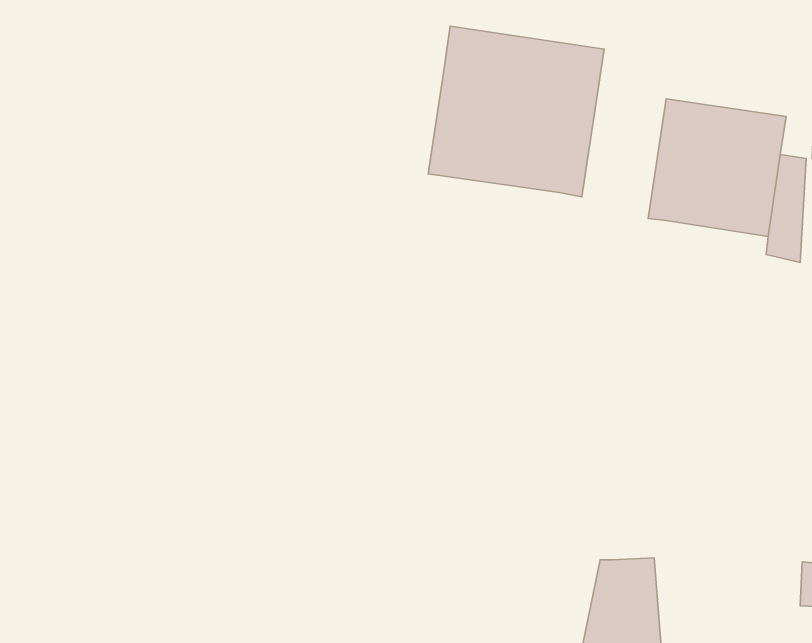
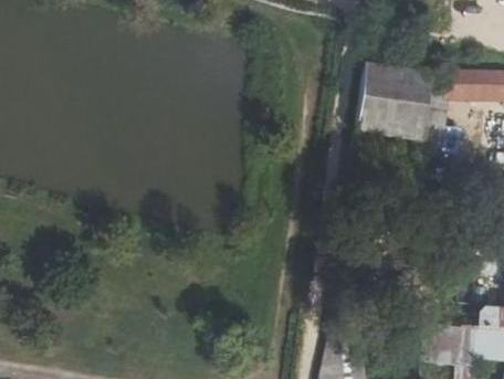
building: [428,26,604,197] -> none

